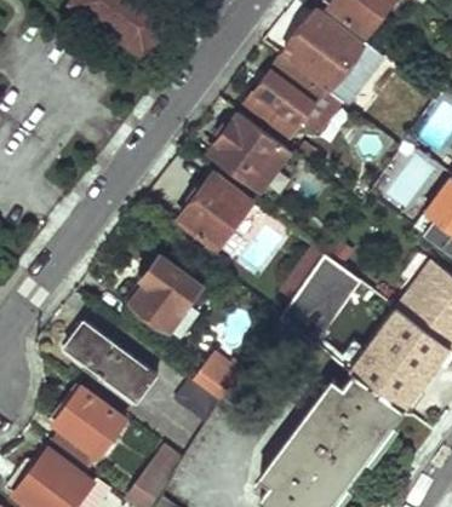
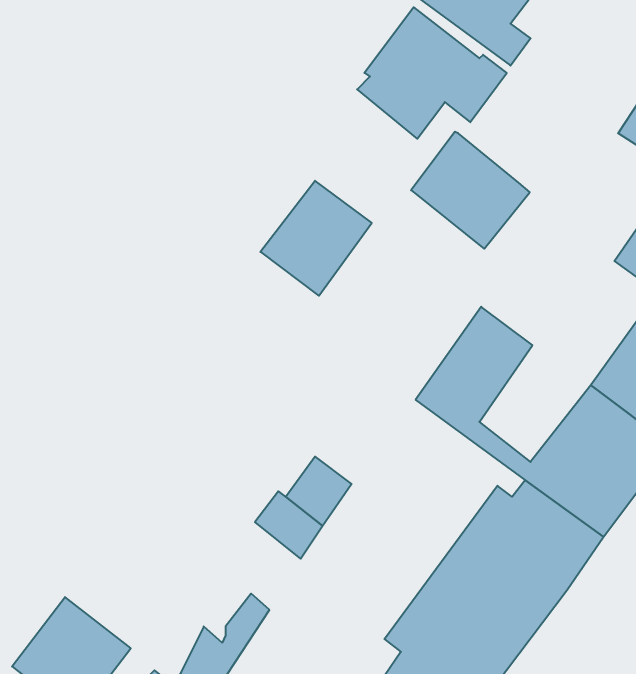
building: [210,113,288,190] -> [411,132,530,249]
building: [132,257,201,332] -> none
building: [64,321,156,403] -> none
building: [48,386,125,477] -> none

